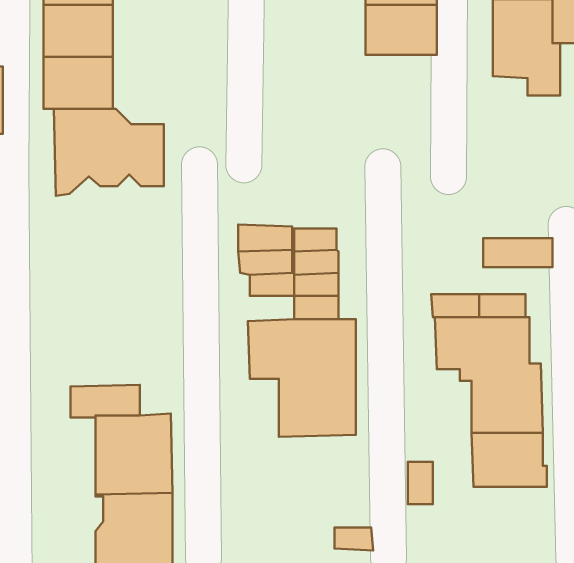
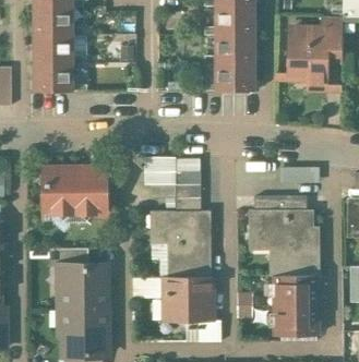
building: none -> [216,61,256,90]
building: [54,109,164,196] -> [44,169,106,218]
building: none -> [166,276,211,322]
building: none -> [277,305,319,336]

